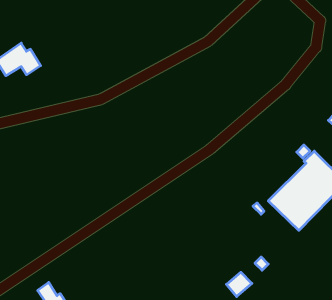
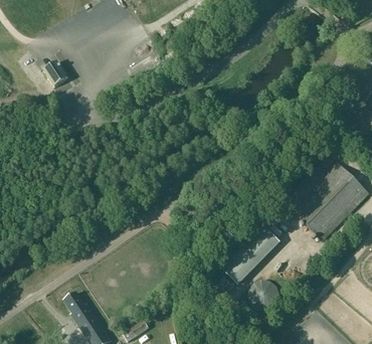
building: none -> [220,223,281,285]

